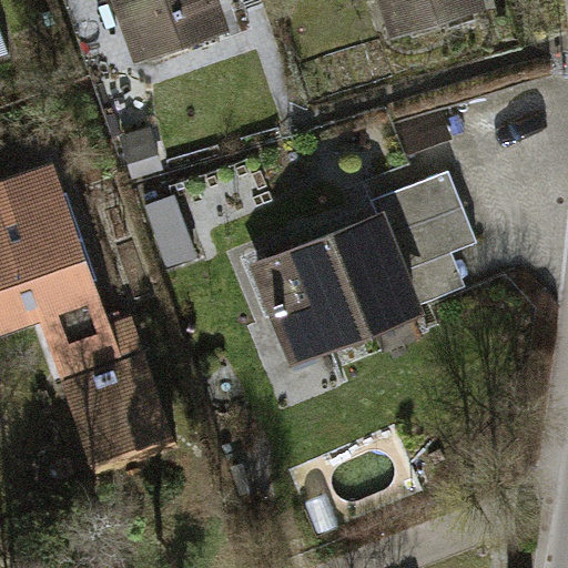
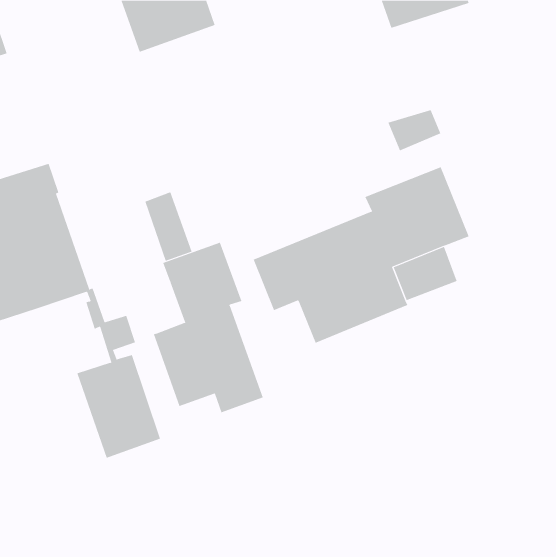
building: none -> [153,242,264,413]
building: [39,298,112,470] -> none

